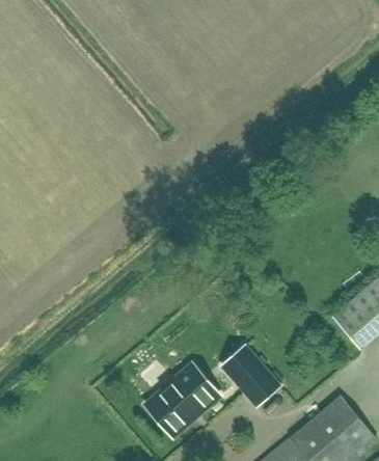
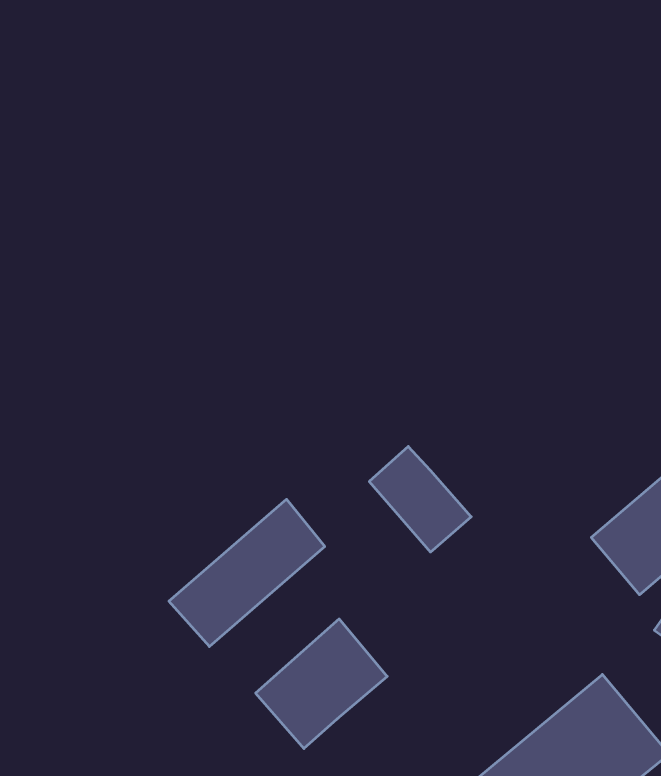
building: none -> [169,499,325,647]
building: [222,346,279,405] -> [369,446,471,552]

